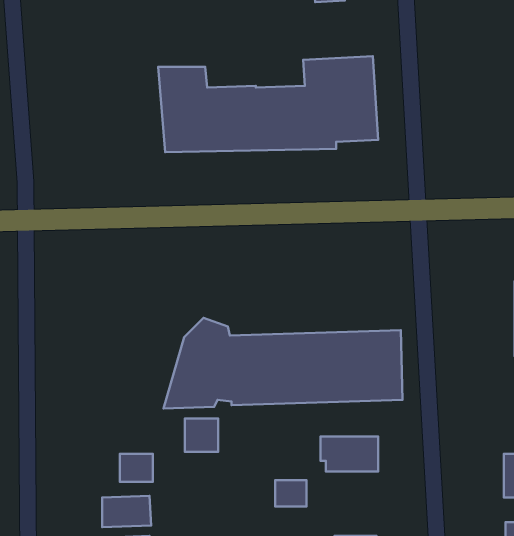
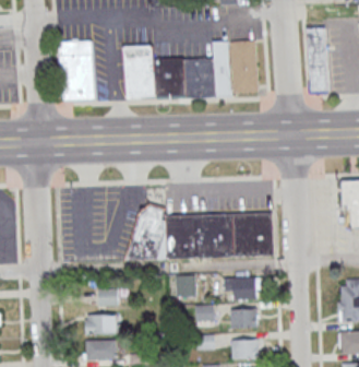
building: none -> [306,27,328,92]
building: none -> [58,42,94,102]
building: [185,419,218,452] -> [175,275,195,296]
building: none -> [229,309,252,329]

